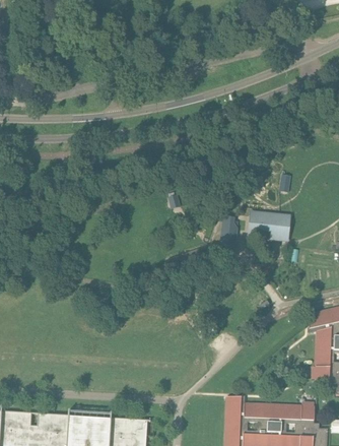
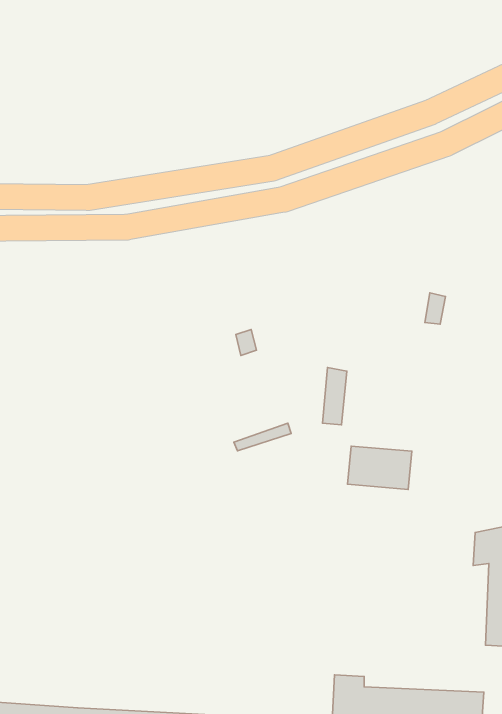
building: [250,213,287,239] -> [348,446,412,489]

